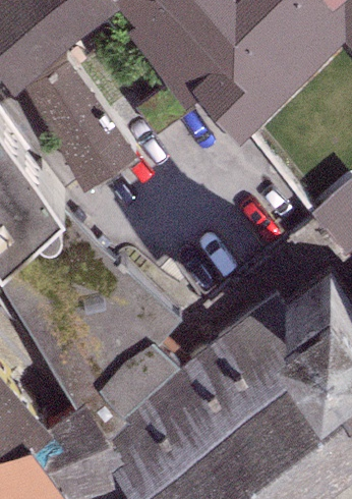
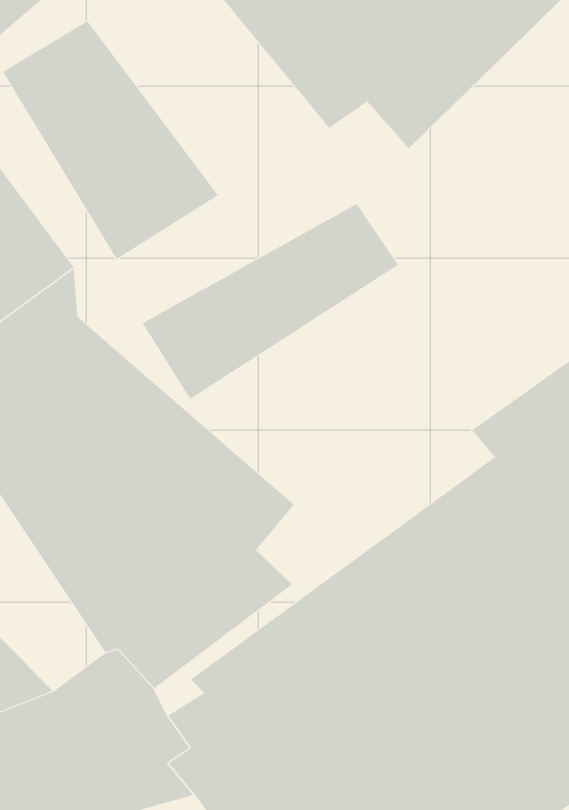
building: none -> [142,203,399,400]

